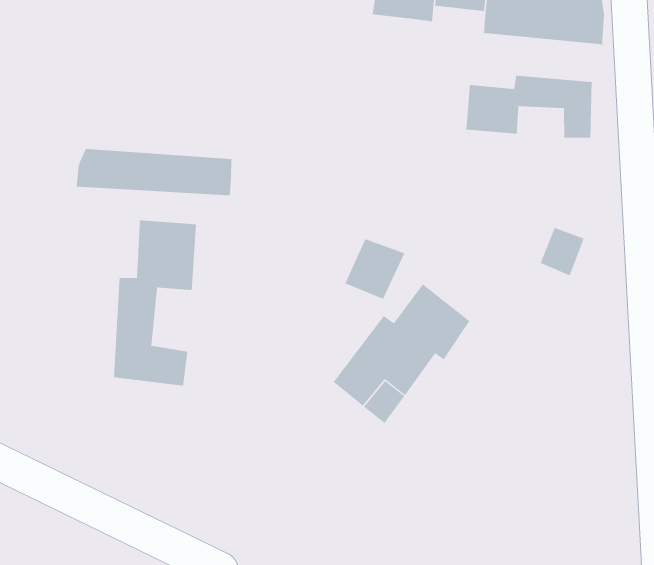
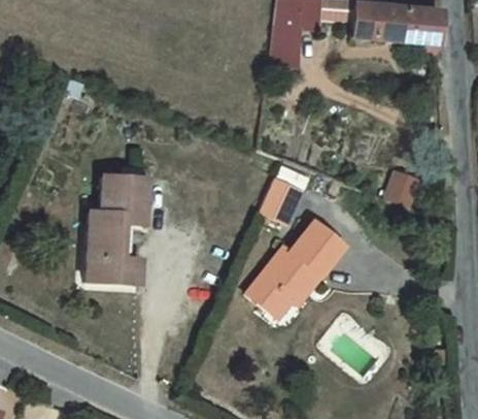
building: none -> [269,25,301,67]
building: [466,75,592,139] -> none
building: [76,148,232,196] -> none

